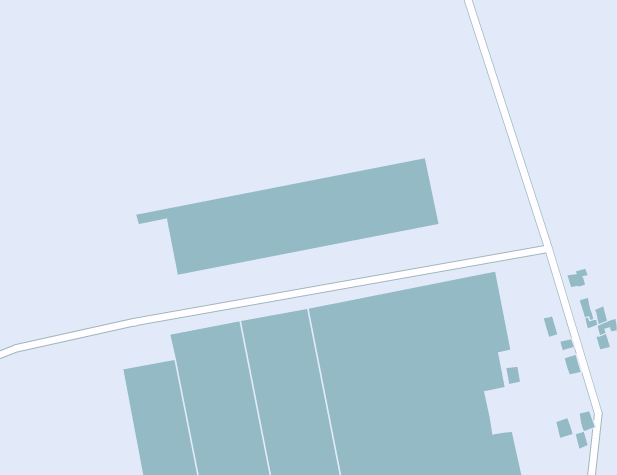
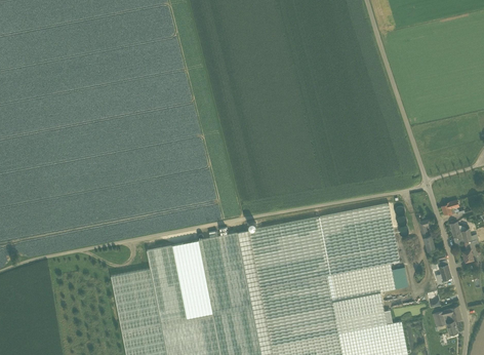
building: [135,157,439,275] -> none

